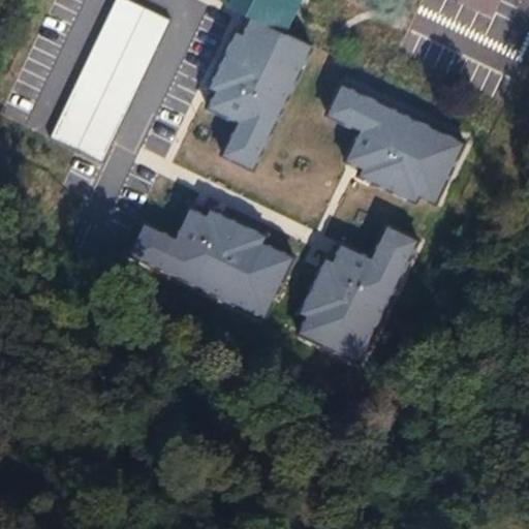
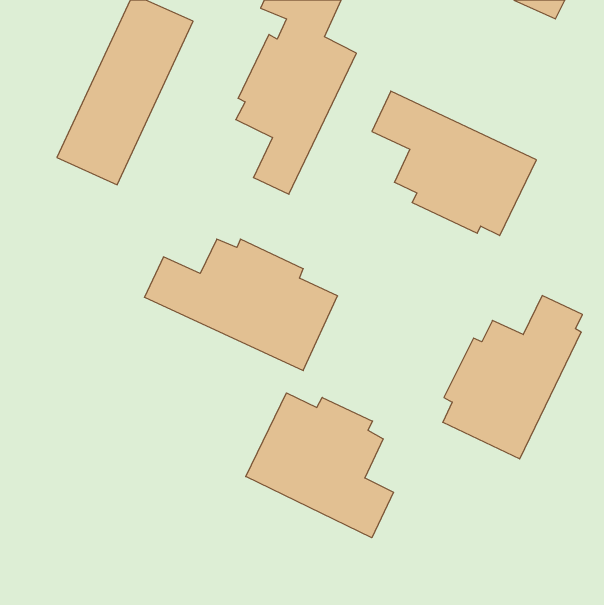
building: [298,222,419,365] -> [443,296,582,459]
building: none -> [246,393,394,538]

